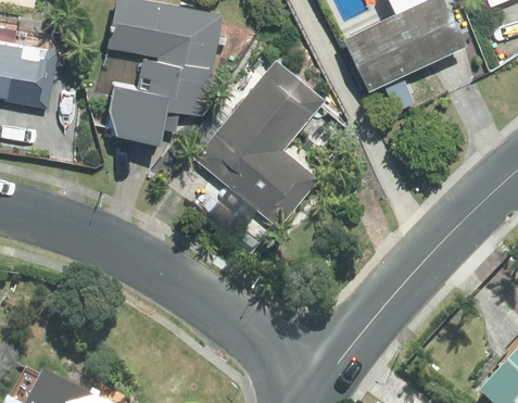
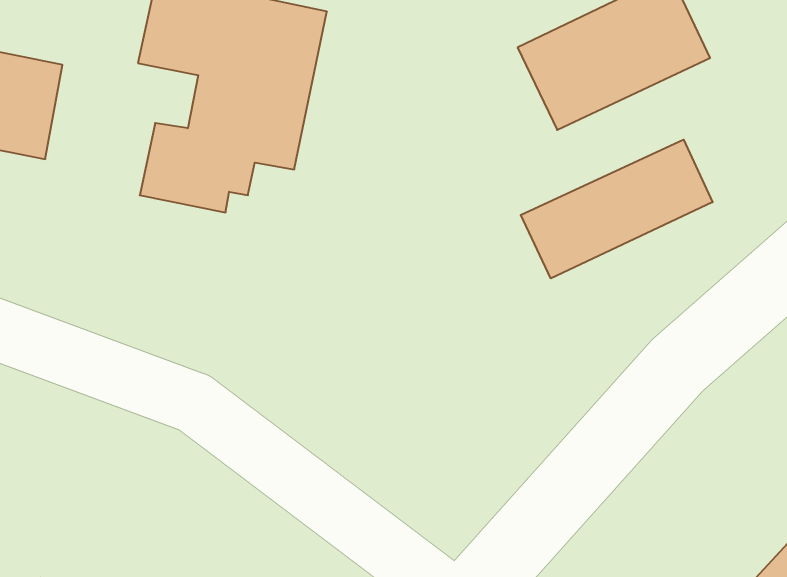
building: [194,60,325,228] -> none
building: none -> [521,140,713,278]

